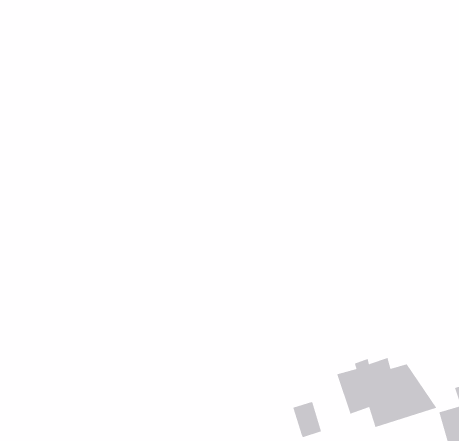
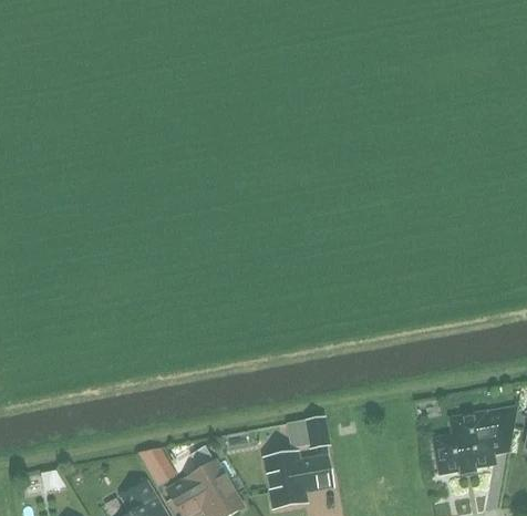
building: [336,357,437,428] -> none

